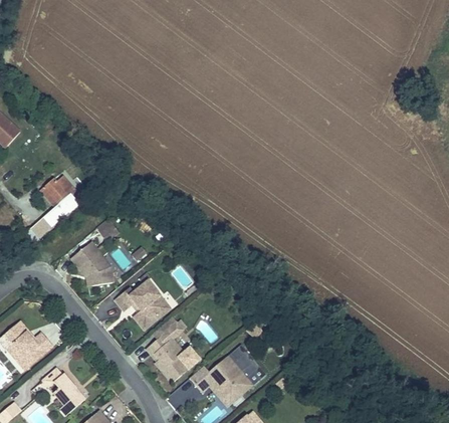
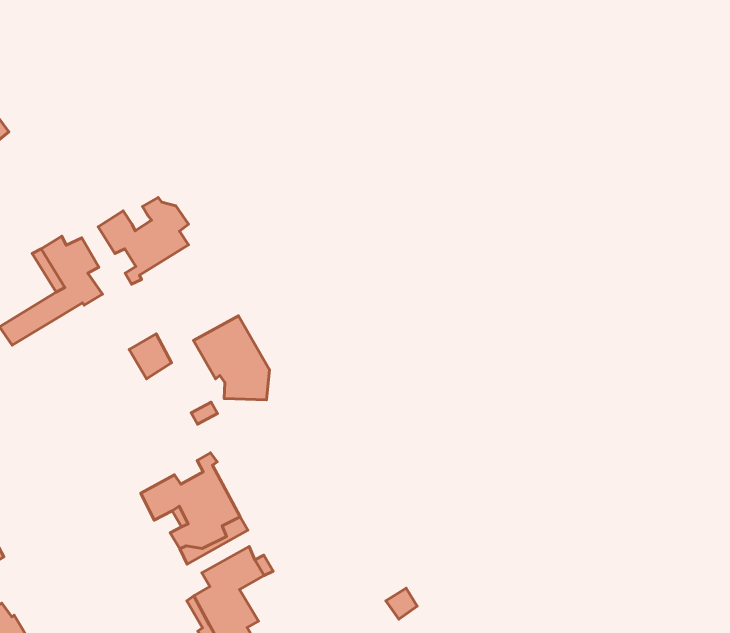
building: none -> [98,197,189,284]
building: [72,244,114,286] -> [194,316,270,400]

